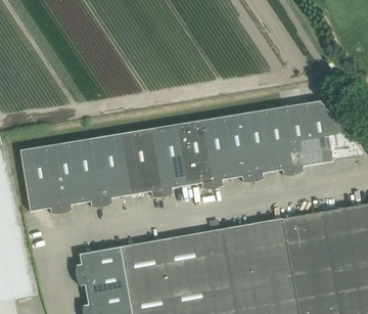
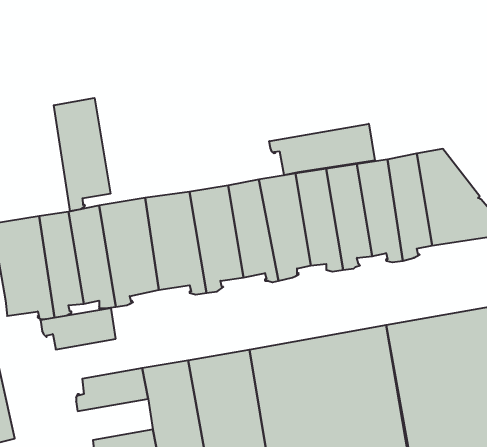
building: none -> [54,98,110,211]
building: none -> [269,124,375,175]
building: [77,267,127,295] -> [40,308,116,349]

